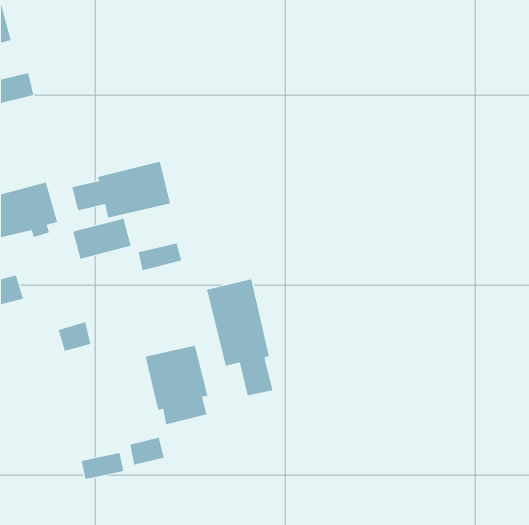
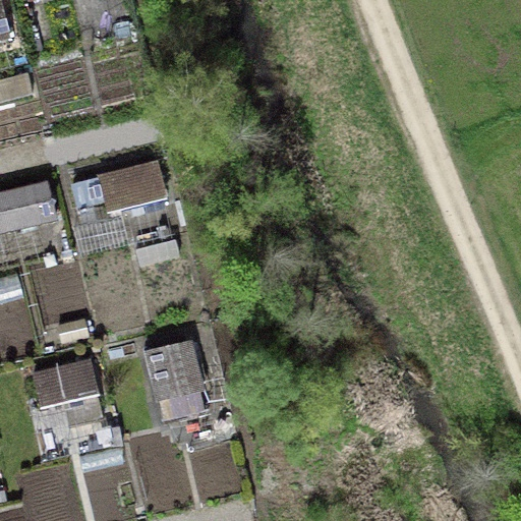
building: [207,279,273,396] -> none
building: none -> [31,357,105,438]

